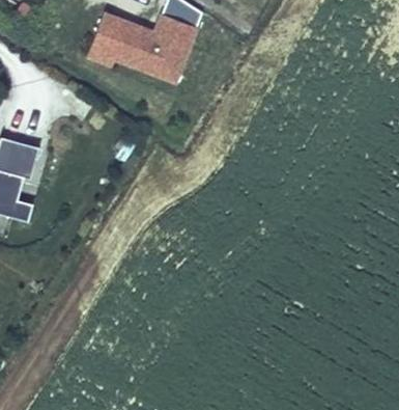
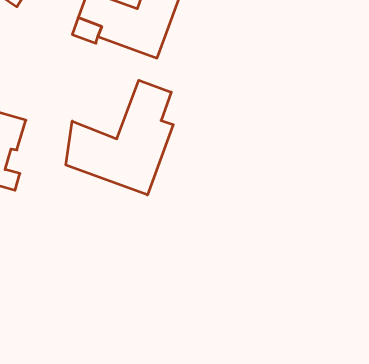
building: none -> [66,80,173,195]

